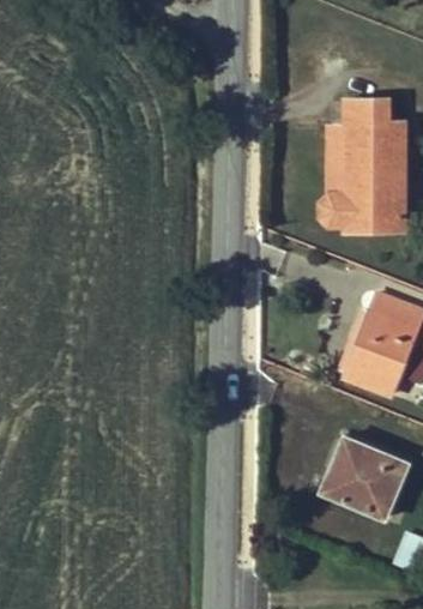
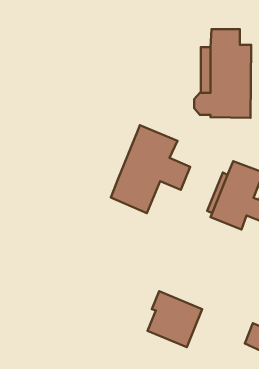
building: none -> [111,125,190,213]
building: [328,436,409,519] -> [148,291,202,347]

